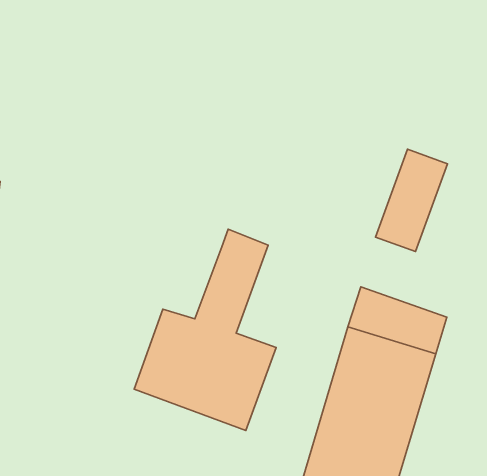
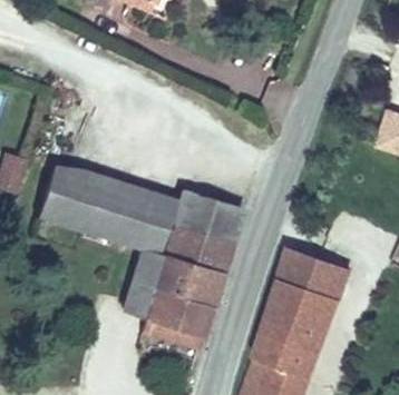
building: [376,149,447,252] -> [196,210,246,282]
building: none -> [43,165,186,261]

